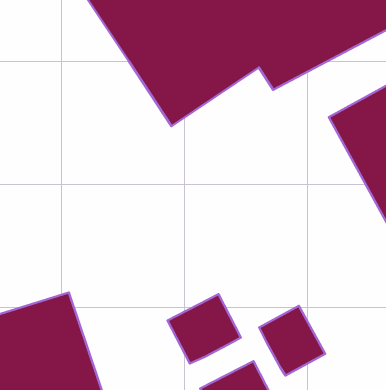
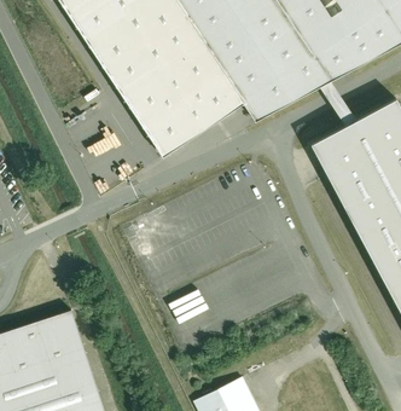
building: [168,294,241,364] -> none
building: [259,306,325,375] -> none

